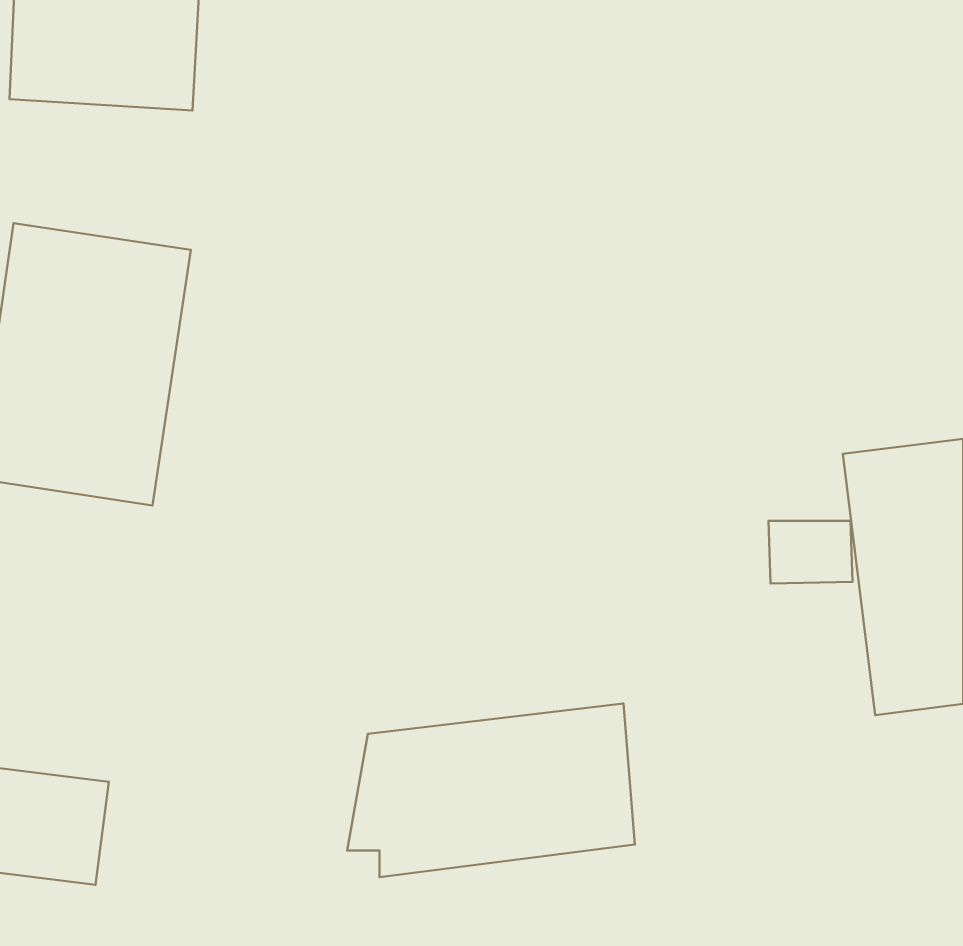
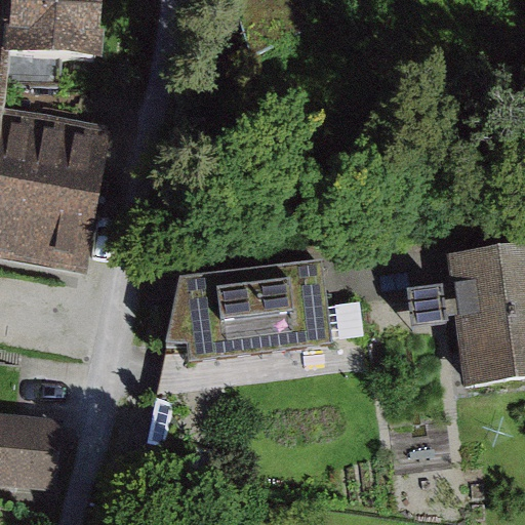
building: [347,703,635,877] -> [173,265,328,358]

